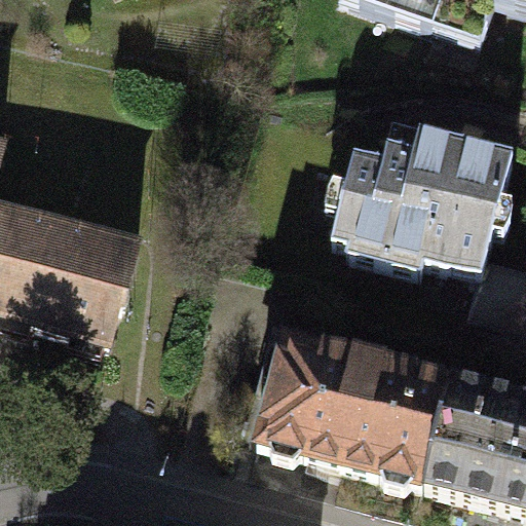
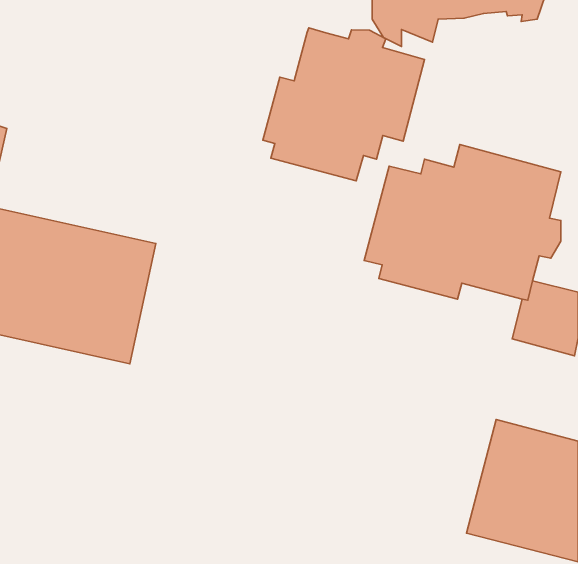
building: none -> [263,28,424,181]
building: [253,335,448,488] -> none

